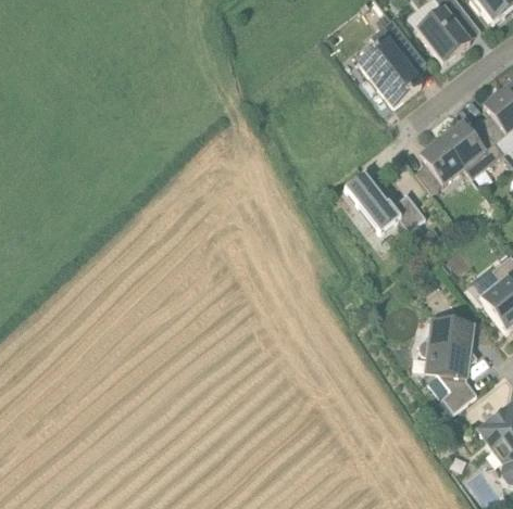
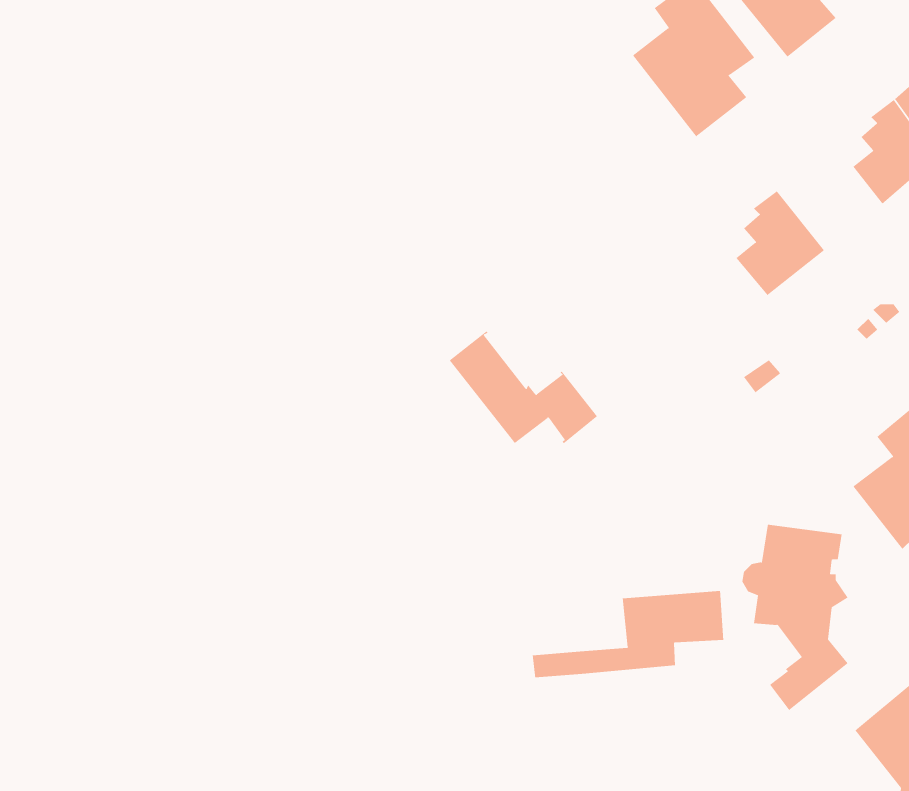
building: [437,120,503,178] -> none
building: [343,169,425,231] -> [449,331,598,444]
building: none -> [532,590,724,678]

